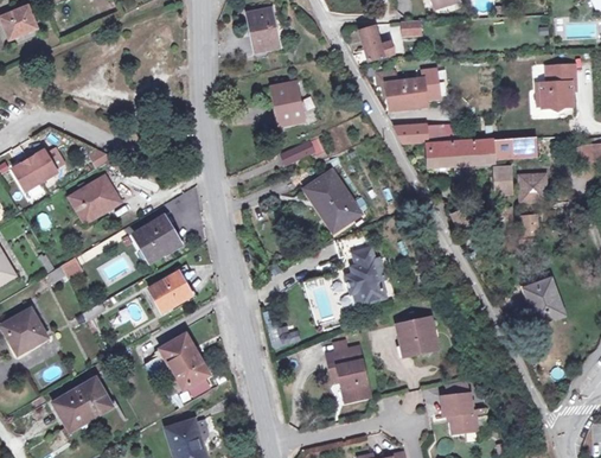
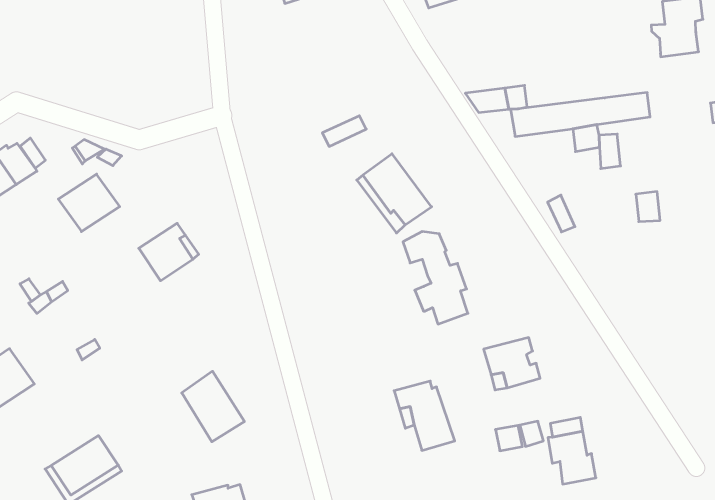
building: [386,70,435,110] -> none
building: [273,82,303,125] -> none
building: [518,172,545,199] -> none
building: [148,271,190,311] -> none
building: [525,279,563,324] -> none

